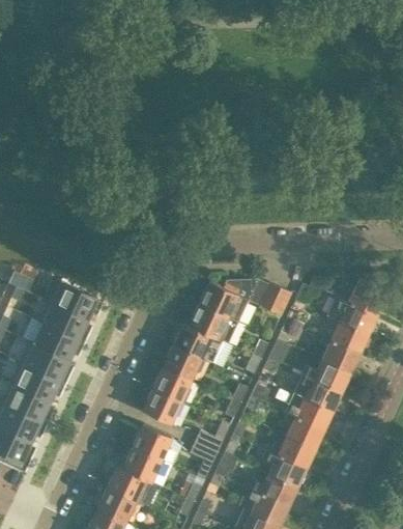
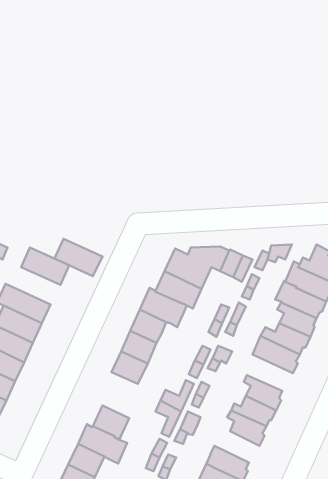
building: [38,301,89,340] -> [55,239,103,276]
building: [283,393,335,431] -> none
building: [134,425,172,461] -> none
building: [252,474,299,507] -> none

